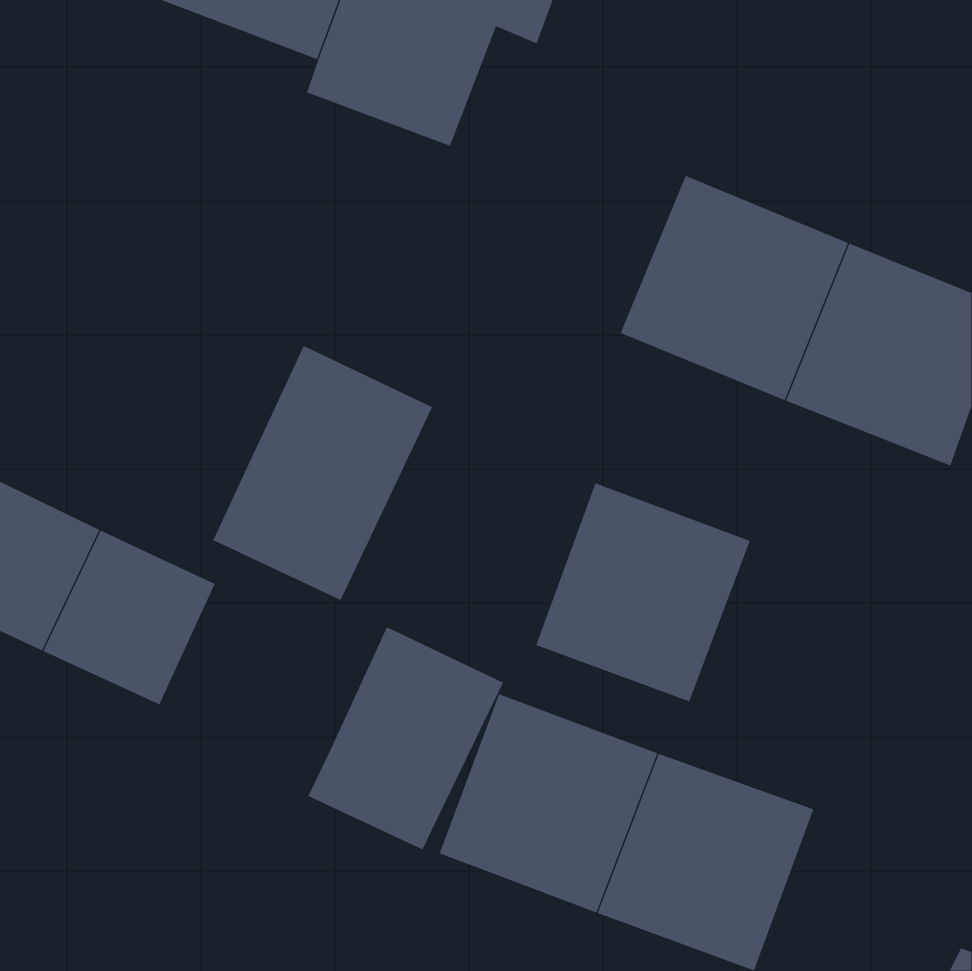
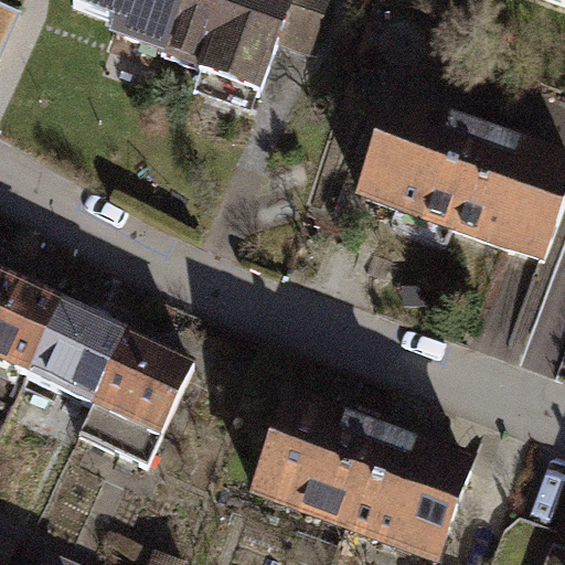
building: [212,345,433,601] -> none
building: [535,482,750,702] -> none
building: [308,627,504,850] -> [78,334,191,462]

